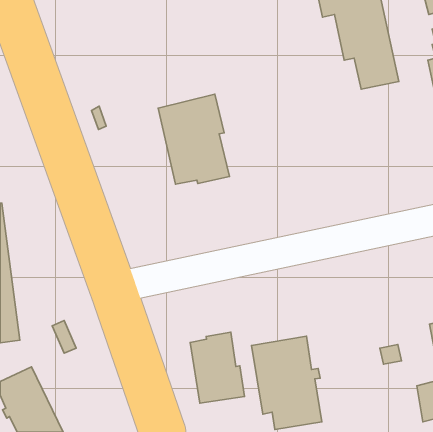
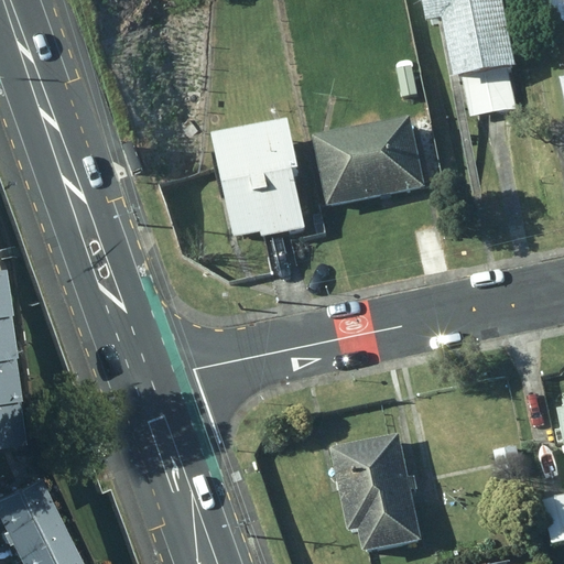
building: none -> [310,116,423,205]
building: [190,332,244,403] -> none

